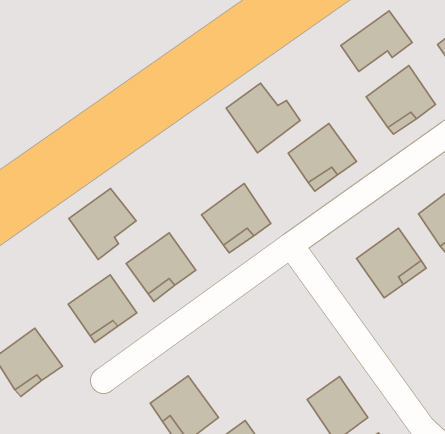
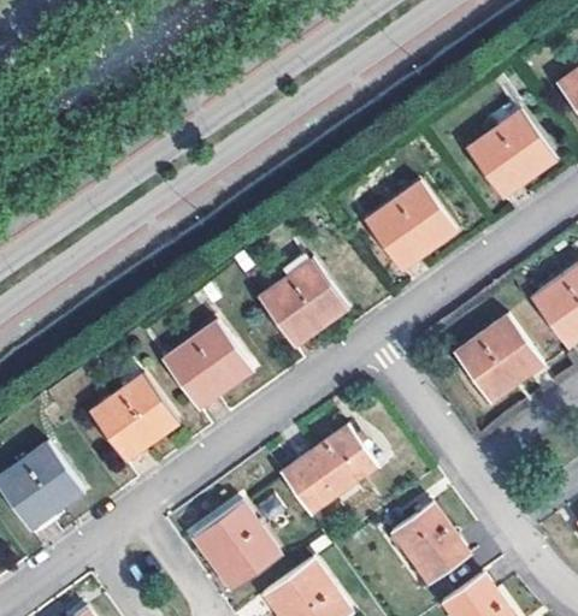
building: [341,11,412,71] -> none
building: [226,83,300,153] -> none
building: [69,188,136,259] -> none
building: none -> [281,426,377,514]

